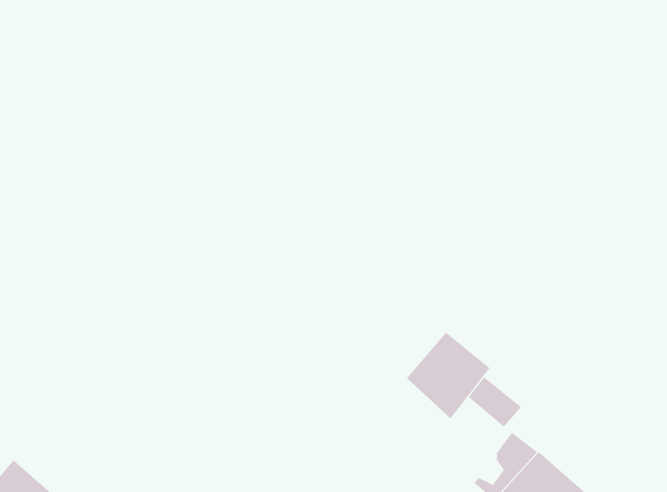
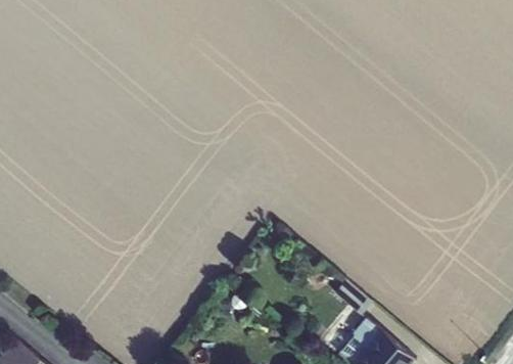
building: [406,332,491,419] -> none

